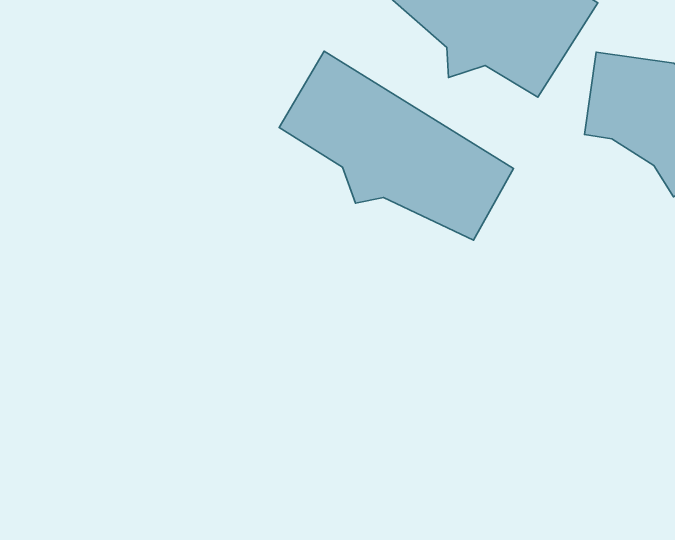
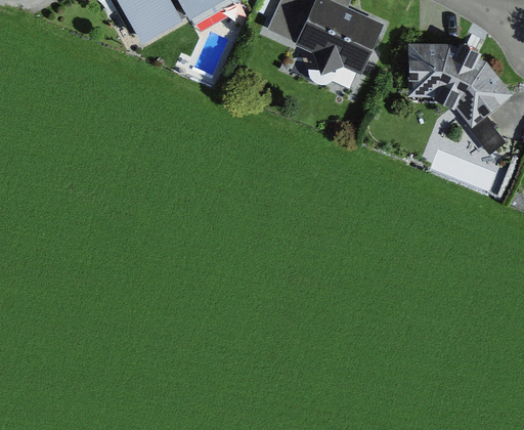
building: [279,51,514,240] -> none

